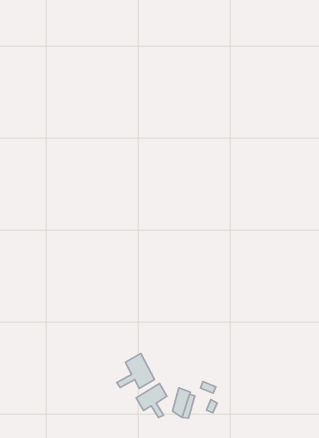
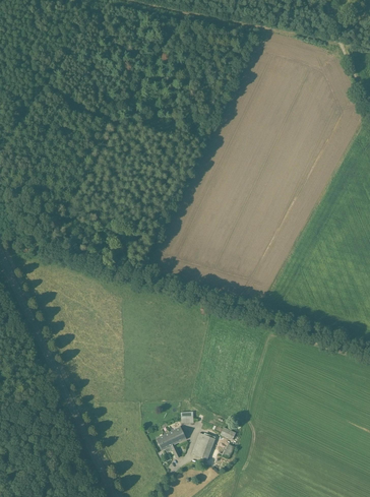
building: [117,353,155,388] -> none

